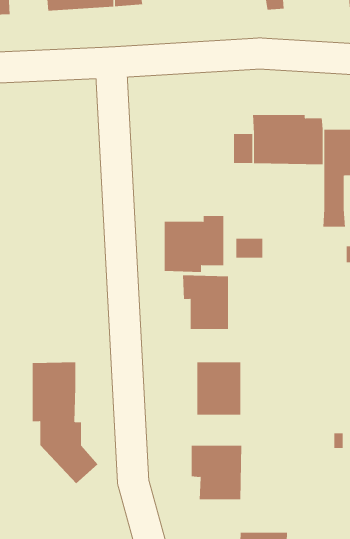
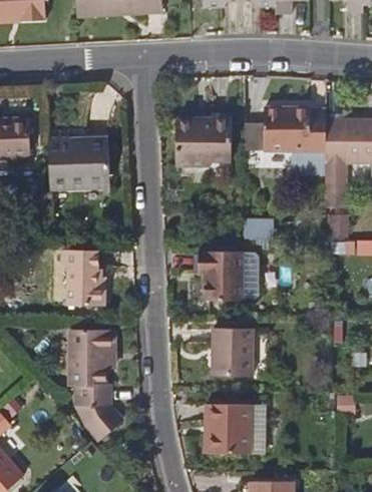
building: none -> [48,127,113,191]
building: [164,216,224,272] -> [176,115,231,166]
building: none -> [64,247,104,298]

